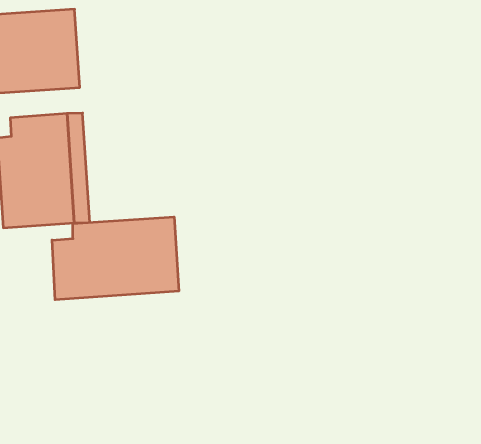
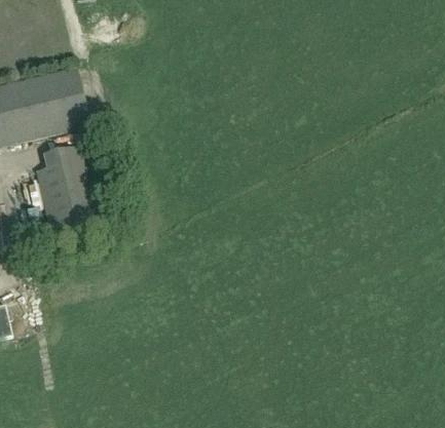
building: [52,217,179,300] -> none

